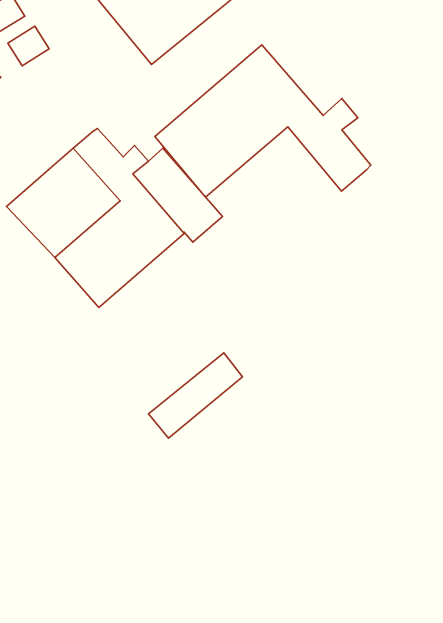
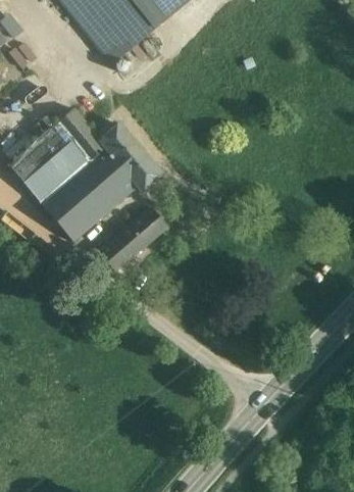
building: [155,45,371,197] -> none
building: [149,353,242,438] -> [101,209,168,270]

